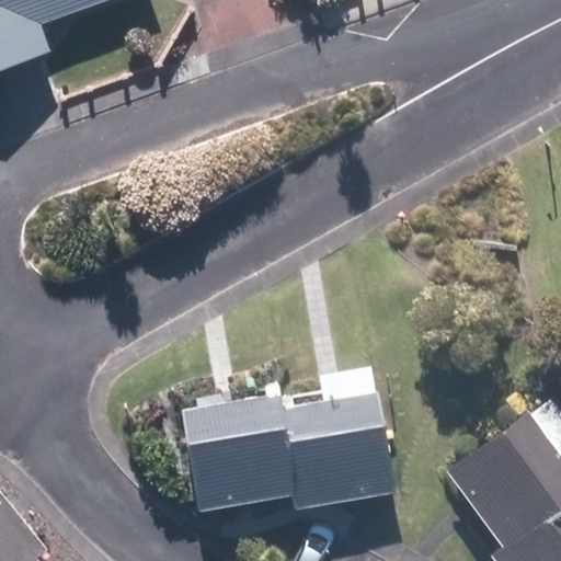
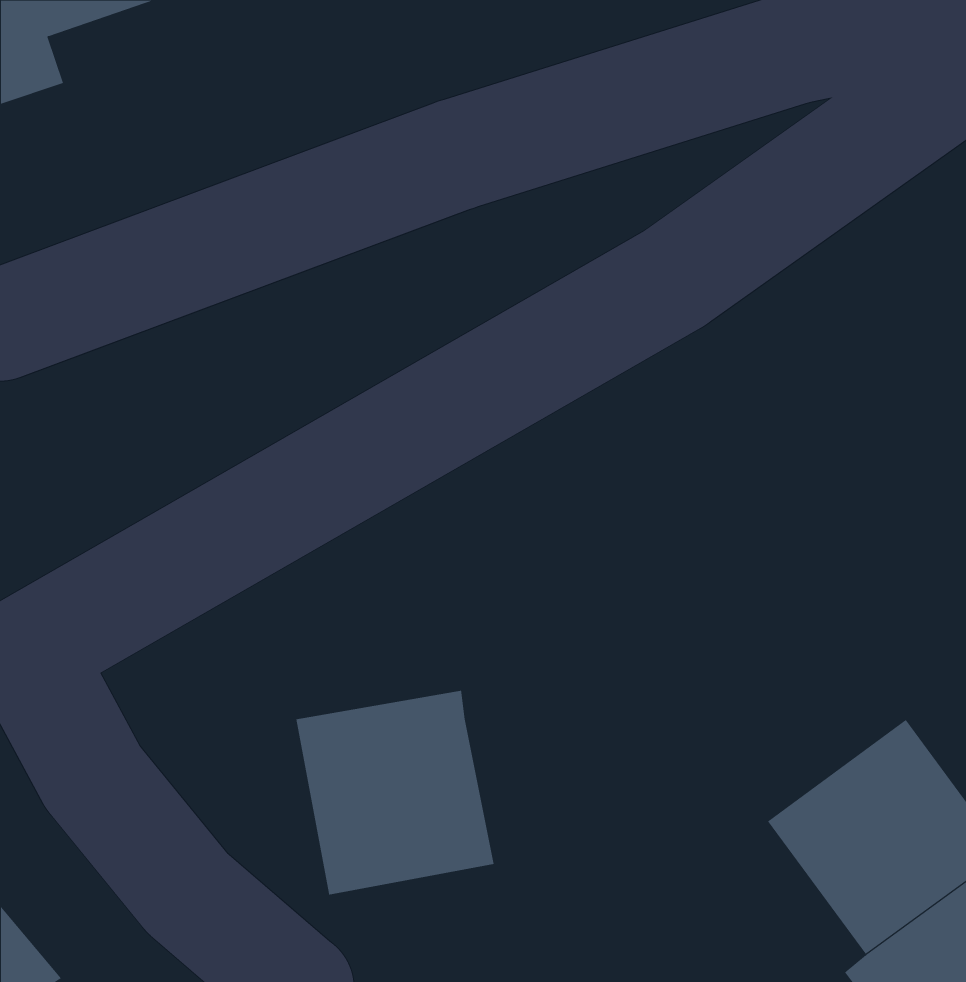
building: [276,393,397,511] -> none

